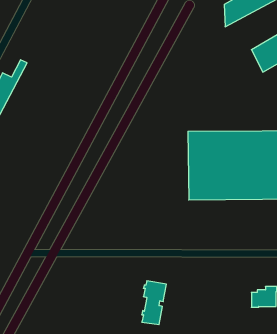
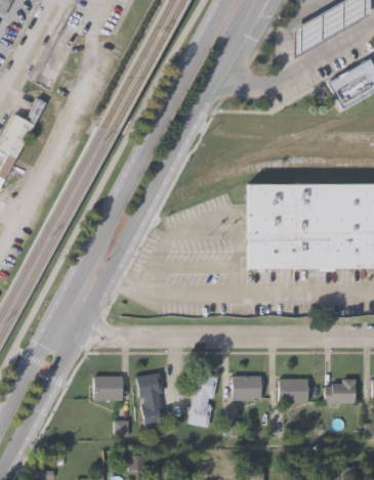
building: none -> [137,370,166,425]
building: none -> [94,374,124,398]
building: none -> [233,374,261,398]
building: none -> [280,377,308,401]

